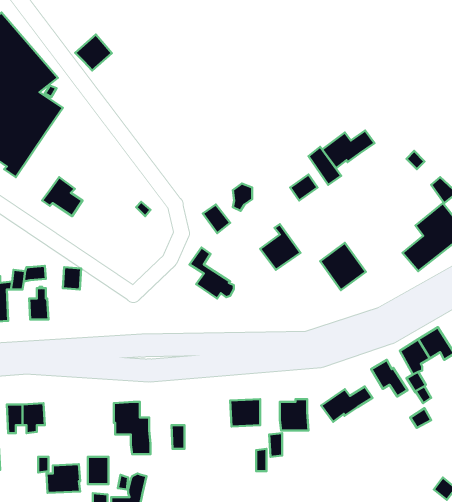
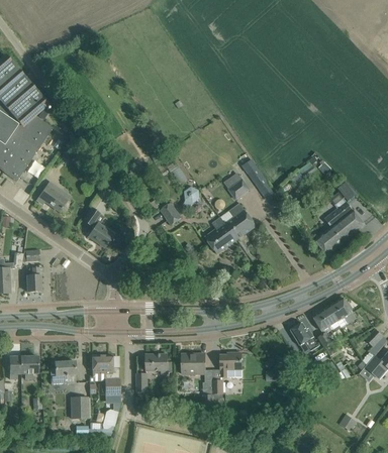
building: [75,35,112,70] -> none
building: [322,131,374,168] -> none
building: [320,243,366,290] -> [220,203,256,239]
building: [190,247,234,298] -> [83,207,117,246]
building: [321,386,373,422] -> none
building: none -> [146,353,168,372]
building: [46,464,80,493] -> [50,360,76,382]

